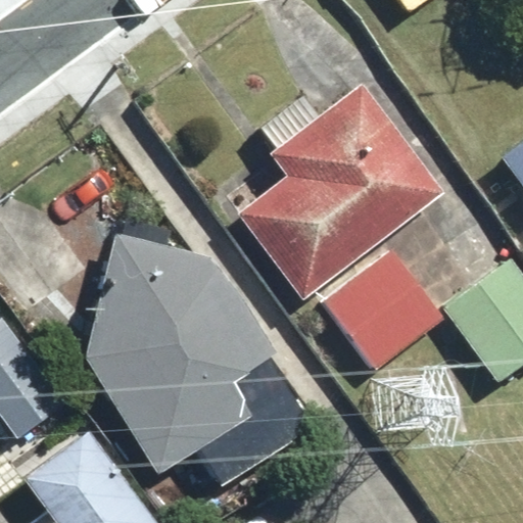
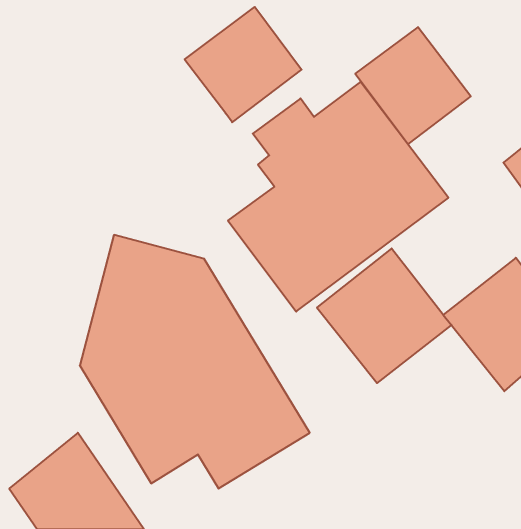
building: none -> [185,7,302,122]
building: none -> [355,27,471,144]

